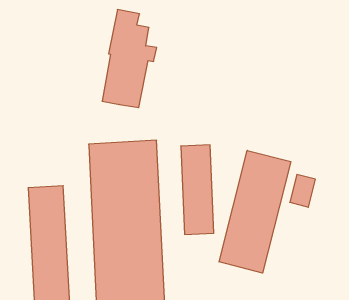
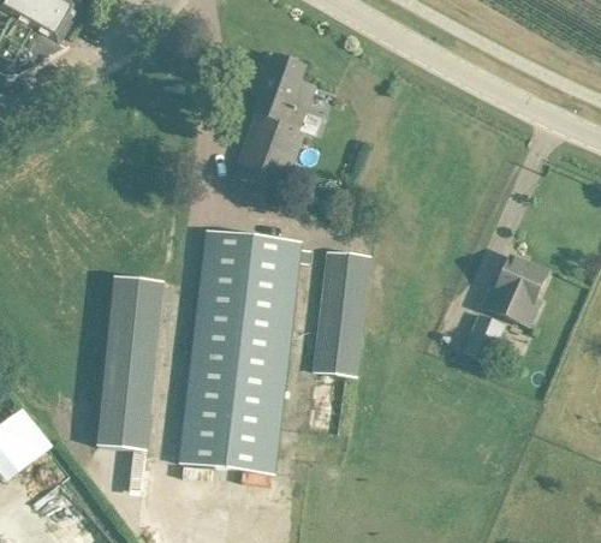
building: none -> [483,253,547,324]
building: [219,150,291,273] -> none

